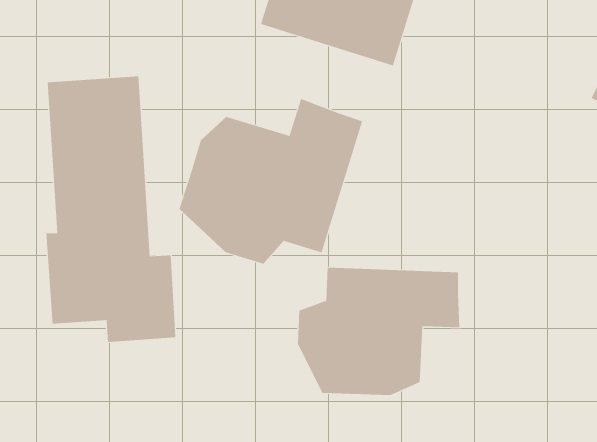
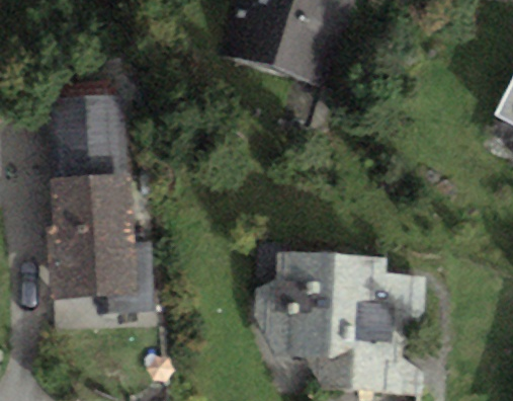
building: [179,98,363,264] -> none
building: none -> [306,273,427,391]

